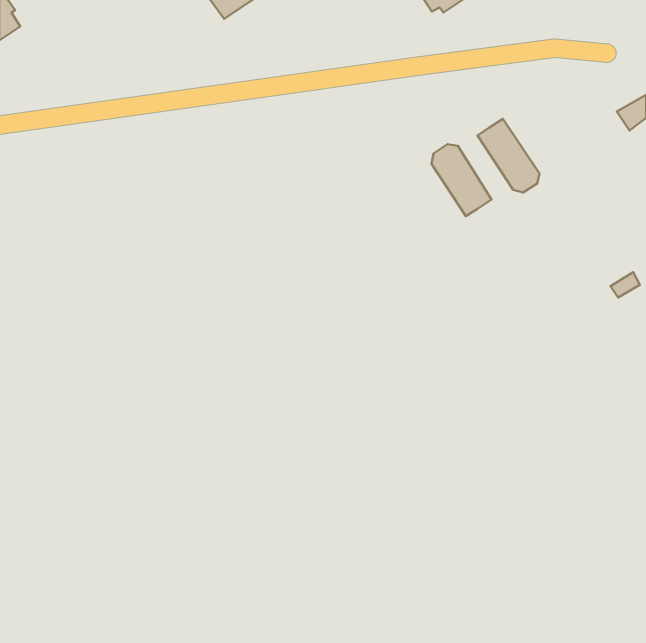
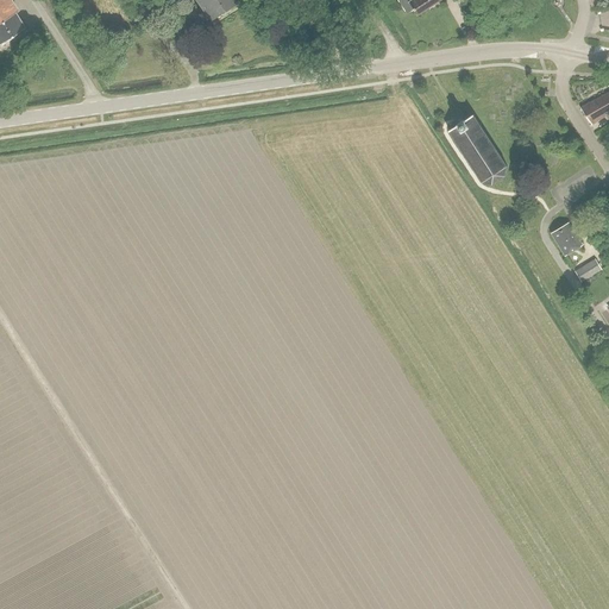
building: [432,144,492,216] -> none
building: none -> [551,220,582,253]

